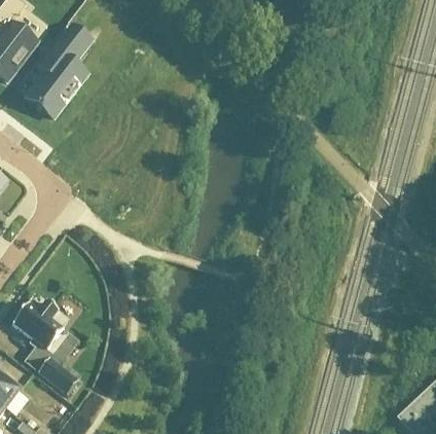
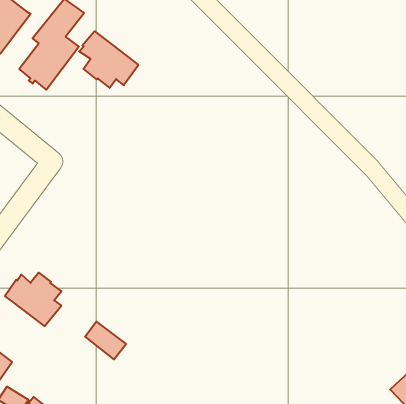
building: none -> [79,31,138,88]
building: [37,356,78,394] -> [85,321,126,359]

